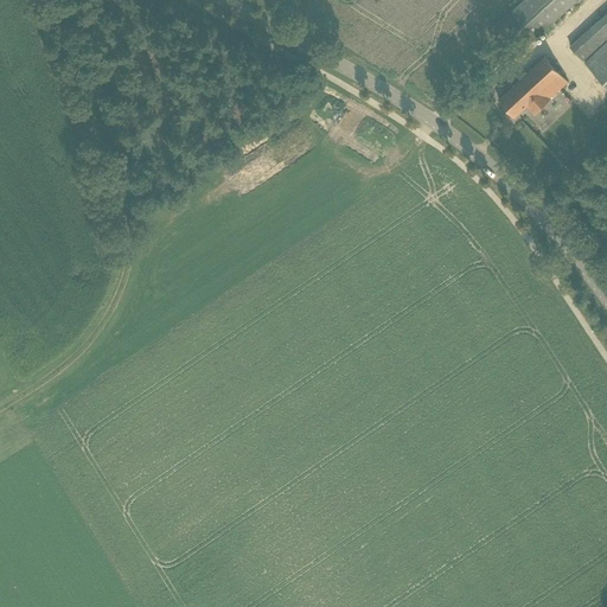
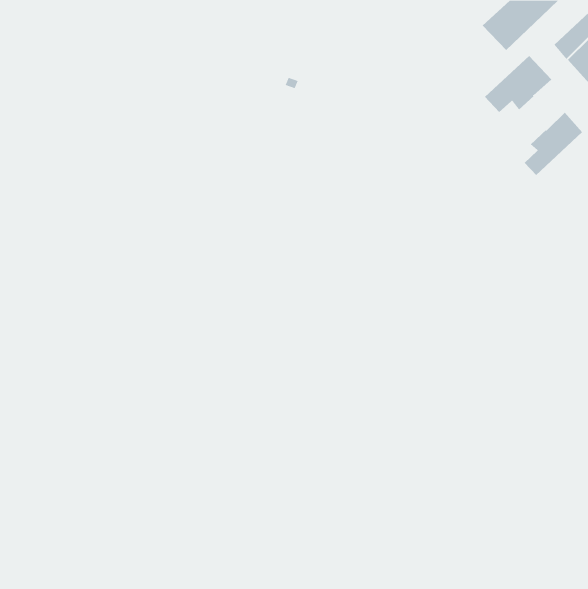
building: none -> [524,112,583,176]

